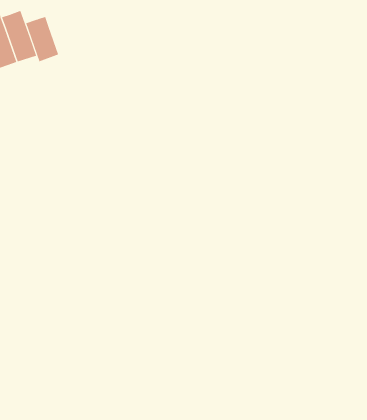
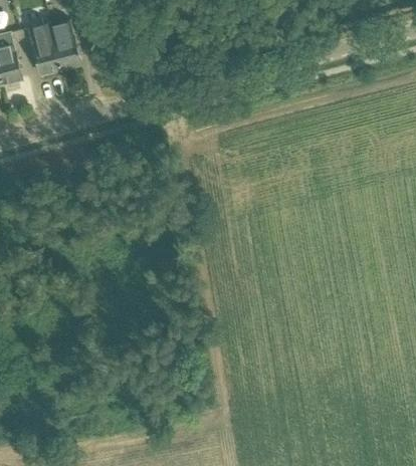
building: [25,16,59,62] -> none

